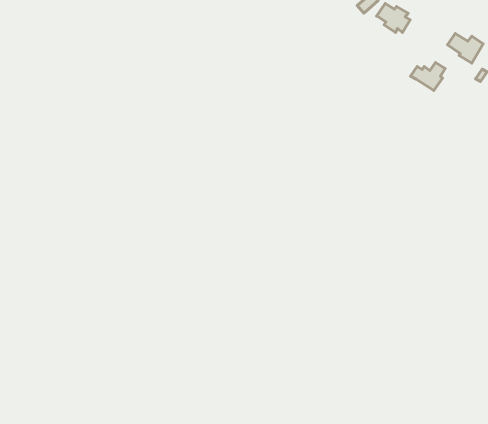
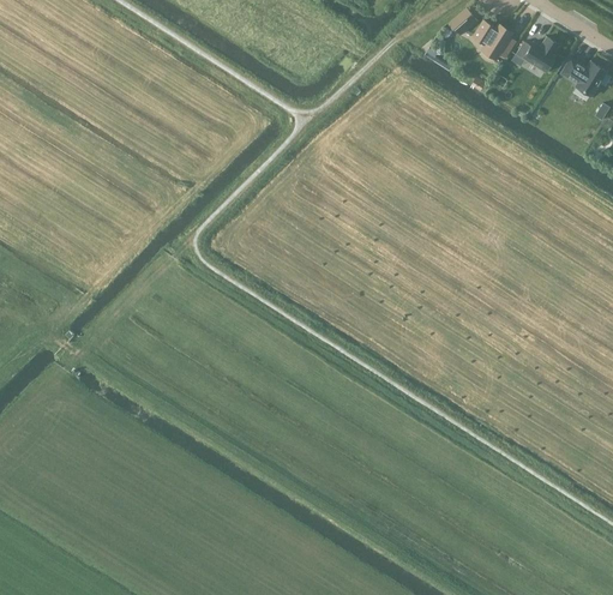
building: [411,63,445,91] -> [516,37,559,72]

